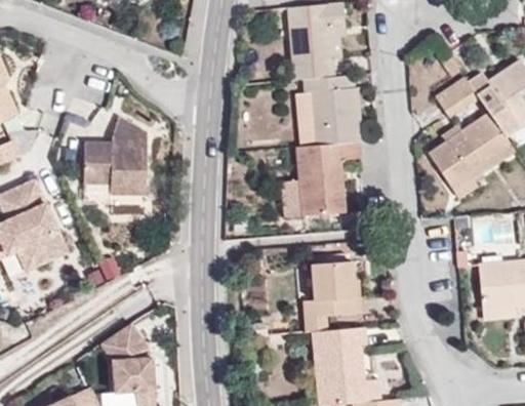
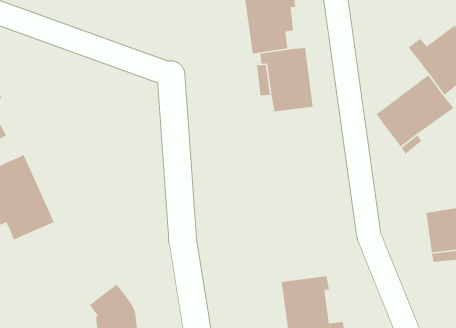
building: [434,77,477,117] -> none
building: [82,115,147,206] -> none
building: [296,141,359,215] -> none
building: [304,259,361,331] -> none

